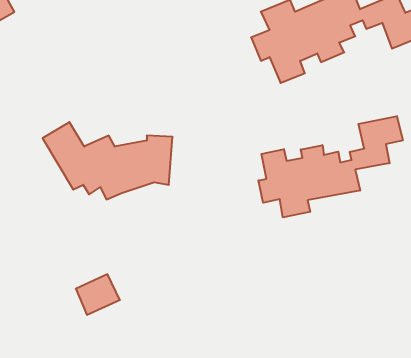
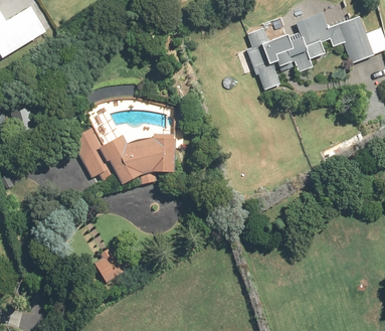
building: [258,116,403,217] -> none

